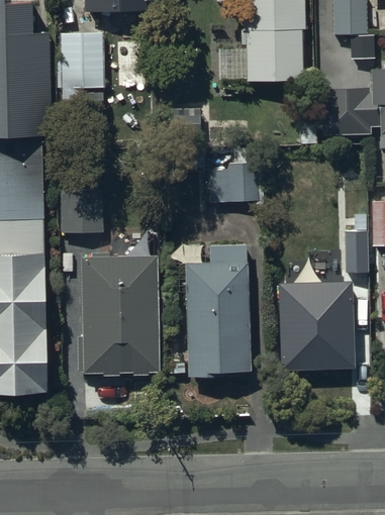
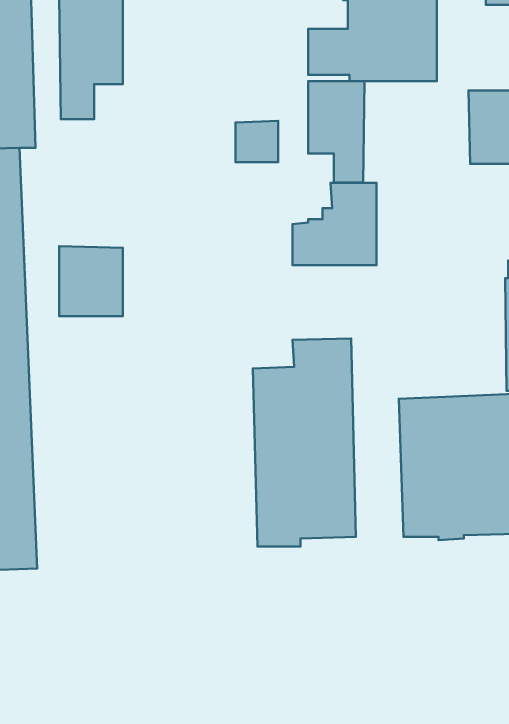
building: none -> [308,81,365,183]
building: [77,252,160,377] -> none

